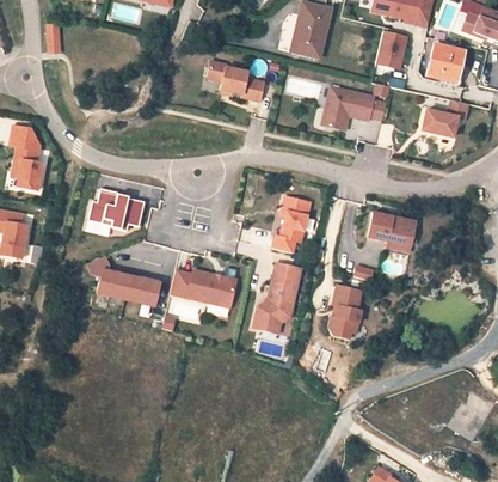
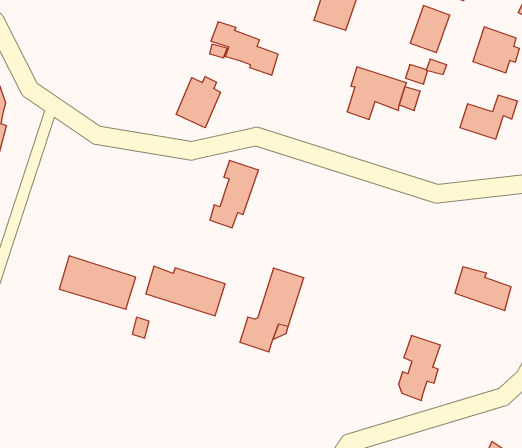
building: none -> [176,76,220,128]
building: [88,191,145,231] -> none
building: [273,196,311,252] -> [210,160,259,228]
building: [368,213,414,246] -> [455,267,511,311]
building: [328,285,361,338] -> [399,335,440,401]

